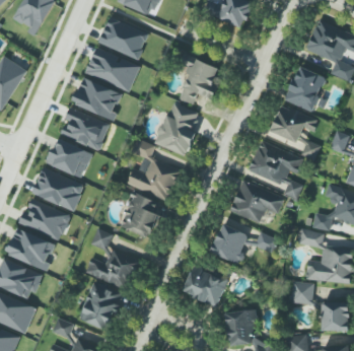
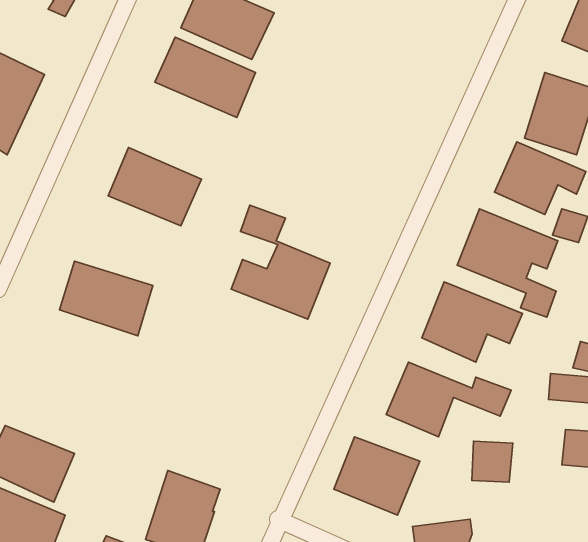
building: [179,56,219,104] -> none
building: [72,79,122,119] -> none
building: [154,101,202,156] -> none
building: [47,140,91,177] -> none
building: [121,194,160,237] -> none
building: [19,199,70,239] -> none
building: [5,228,54,271] -> none
building: [85,228,138,289] -> none
building: [291,282,313,304] -> [472,441,513,482]

